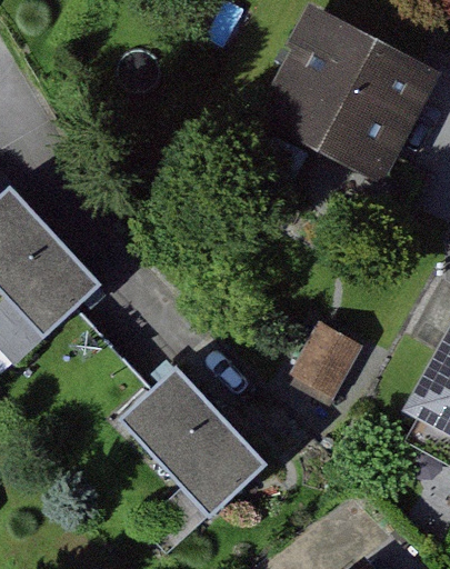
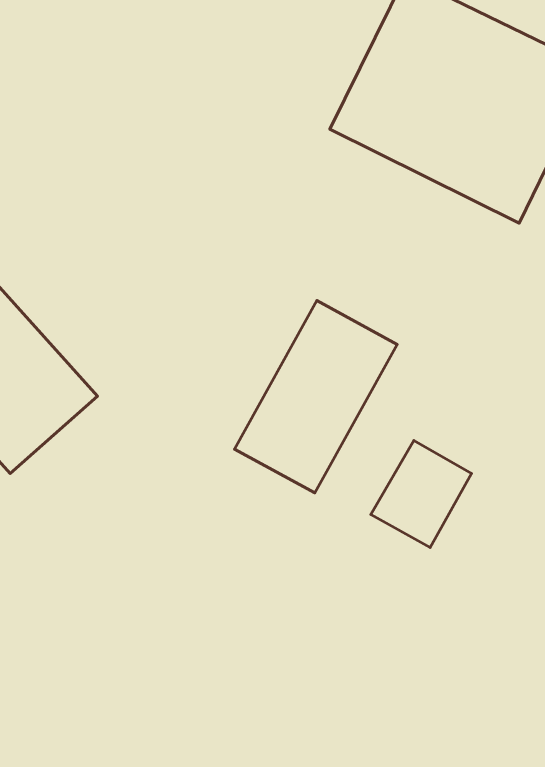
building: none -> [234,301,397,493]
building: [121,368,272,520] -> none

